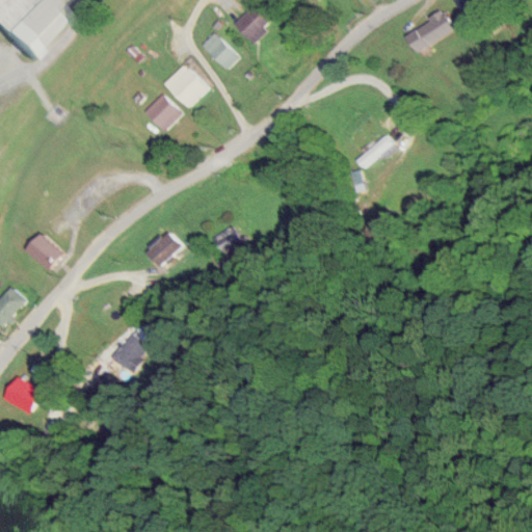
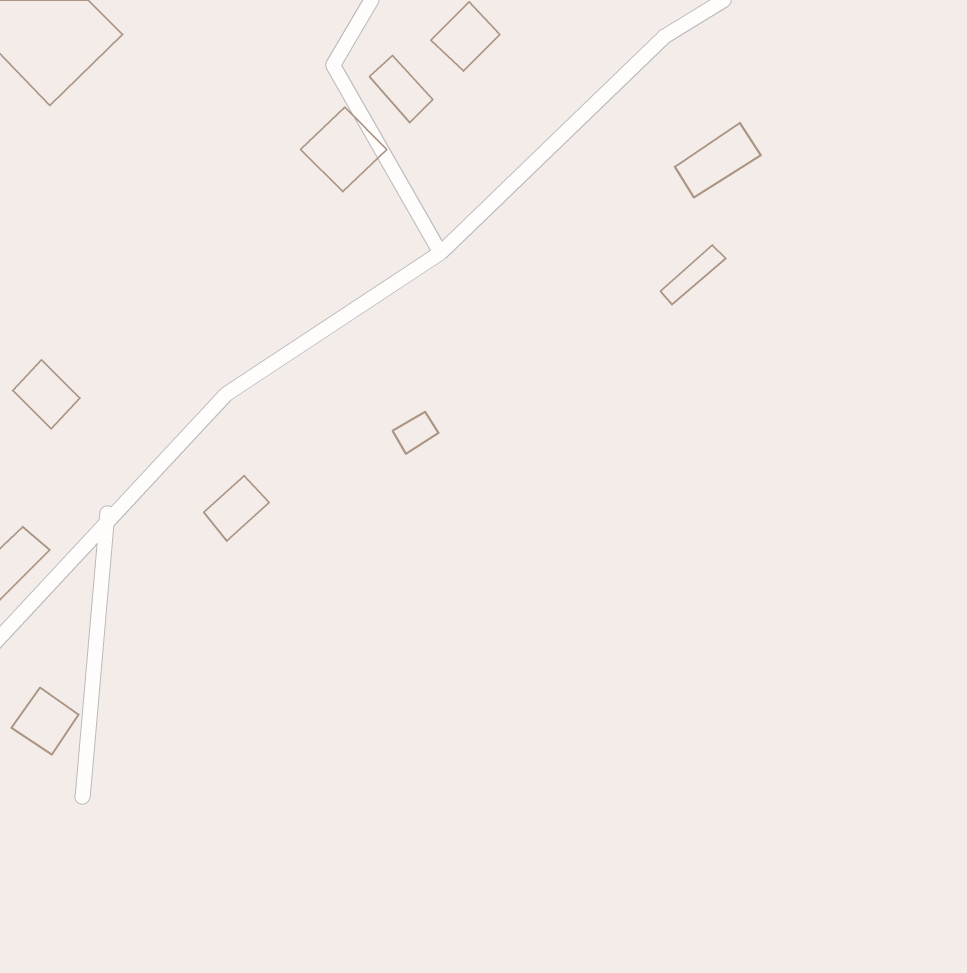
building: [407,11,454,52] -> [675,123,761,197]
building: [143,95,180,131] -> none
building: [147,230,182,265] -> [204,476,269,541]
building: [27,234,63,271] -> [13,360,80,429]
building: [113,332,149,370] -> none

